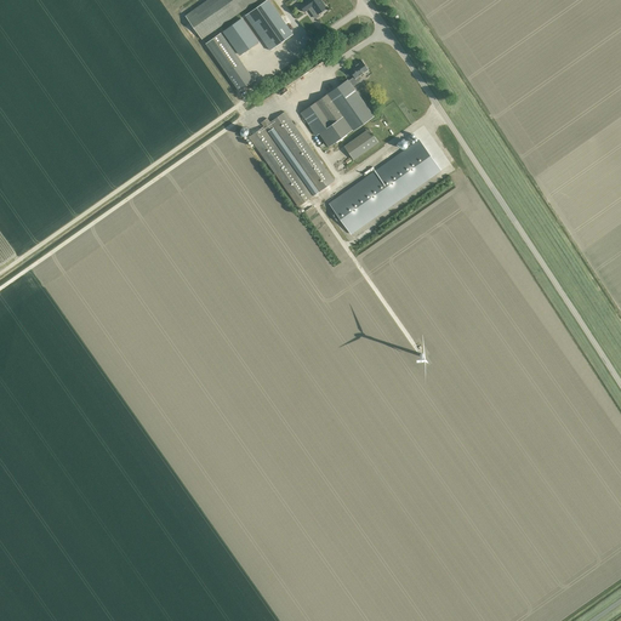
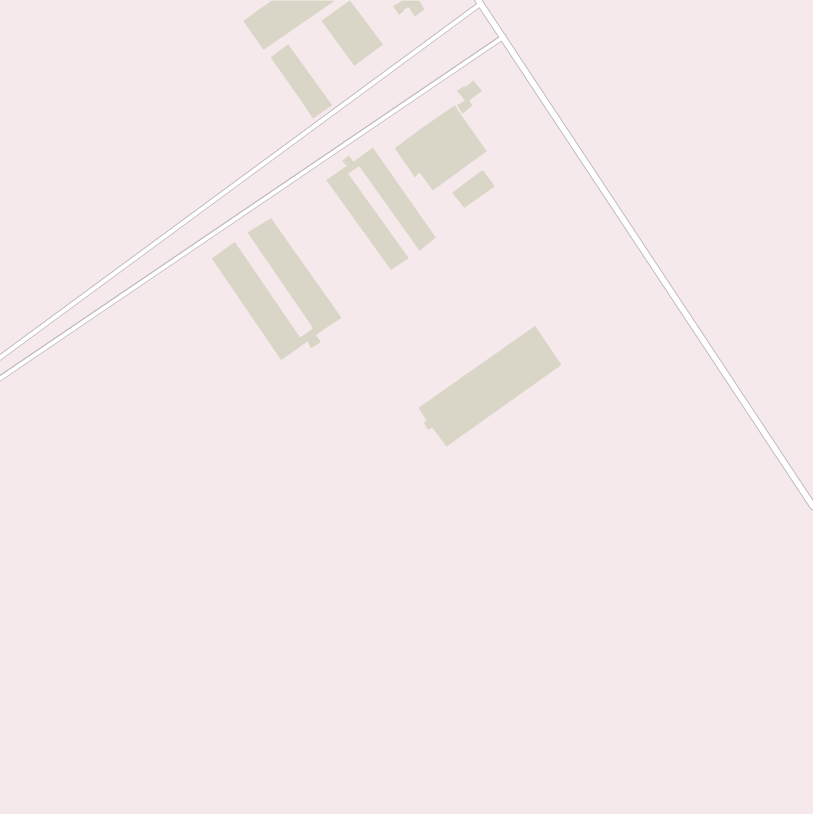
building: [222,18,257,55] -> none
building: [329,141,439,234] -> [418,325,563,448]
building: none -> [211,217,342,361]

